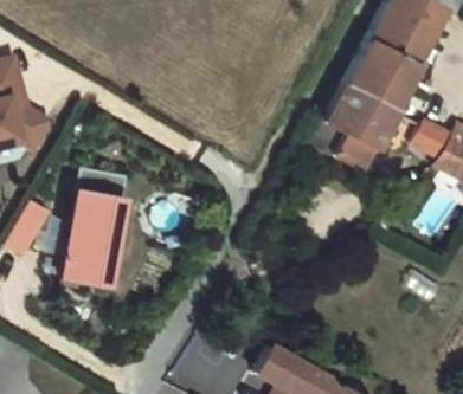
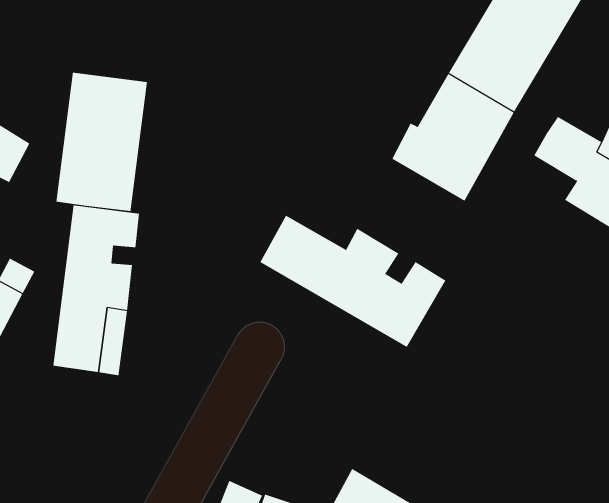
building: none -> [56,72,147,212]
building: none -> [259,215,446,348]

